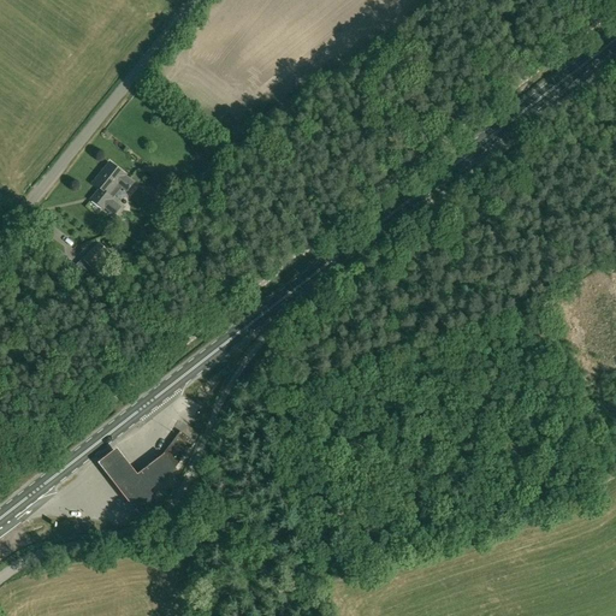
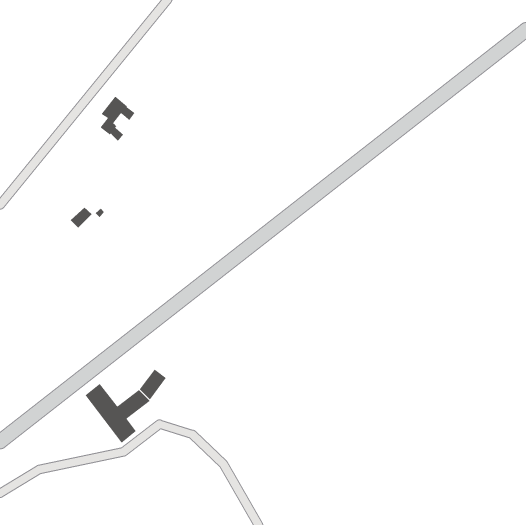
building: [91,161,134,215] -> [100,95,136,142]

